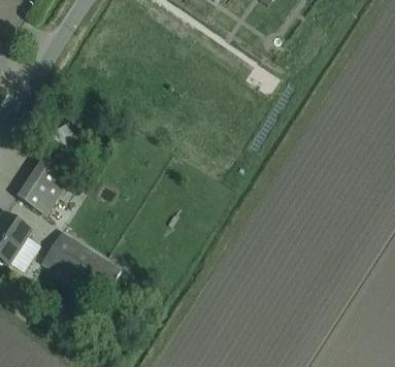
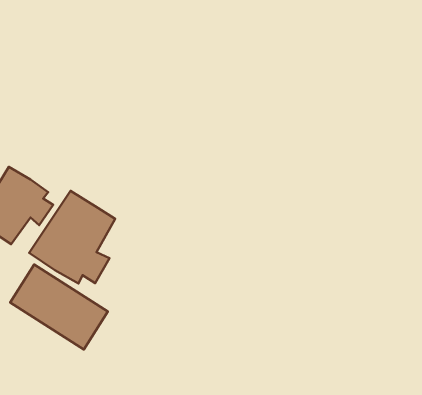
building: none -> [29,191,115,284]

